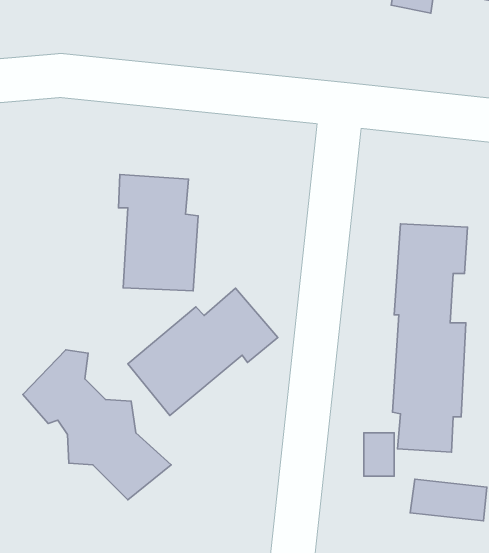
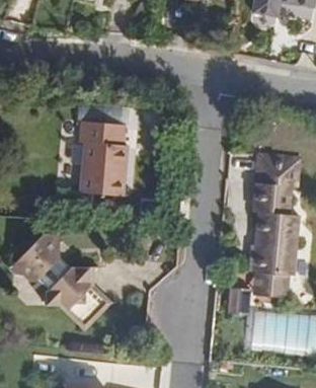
building: [128,288,278,415] -> none

